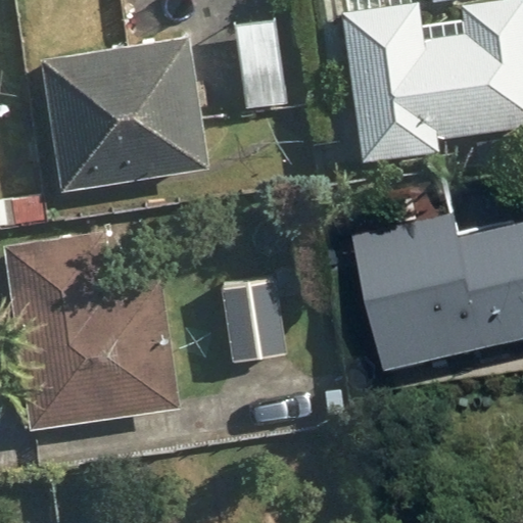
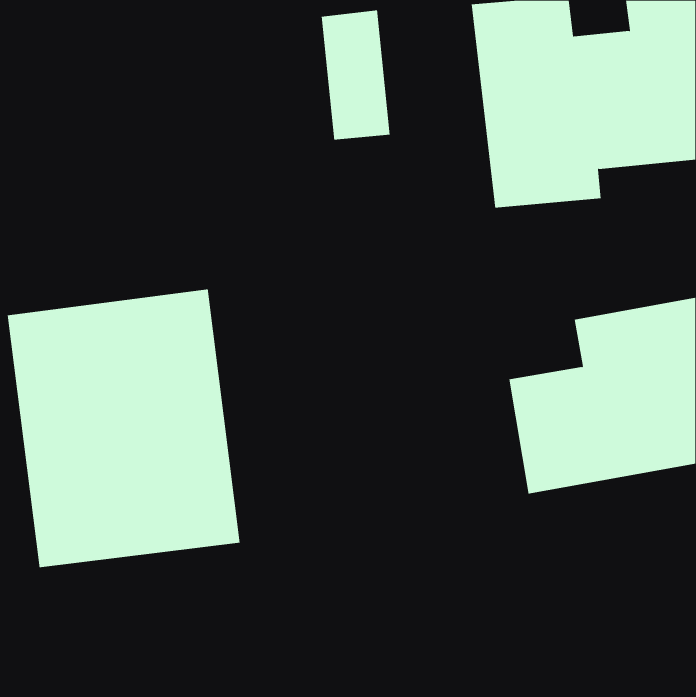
building: [42,37,208,190] -> none
building: [217,278,287,366] -> none

